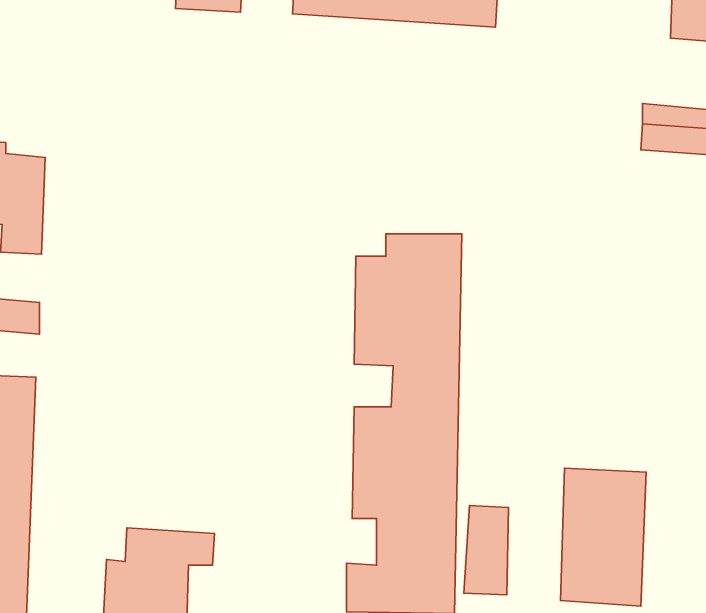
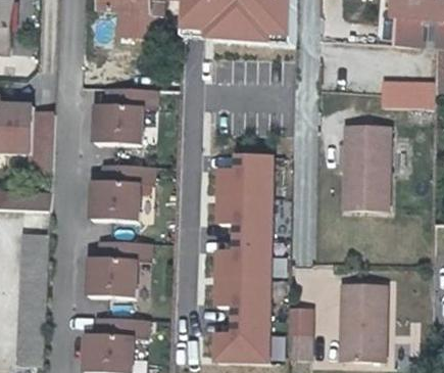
building: none -> [94,86,154,143]
building: none -> [340,127,387,211]
building: none -> [91,162,151,220]
building: none -> [87,239,148,296]

